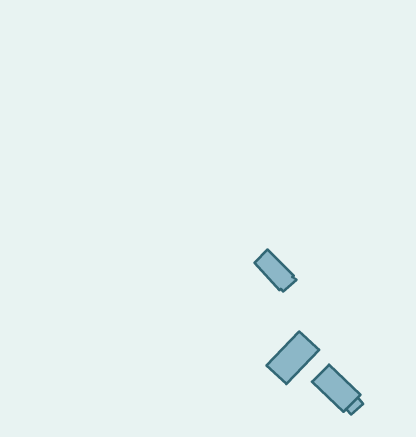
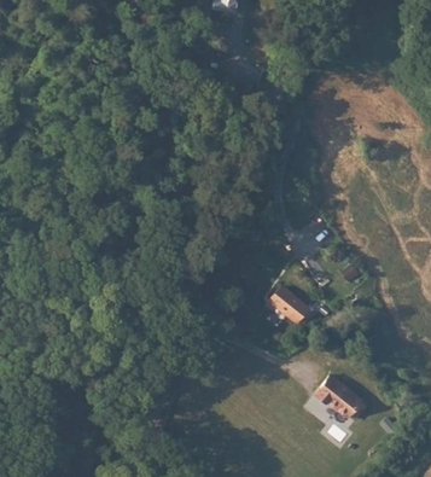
building: [267,332,319,384] -> none

